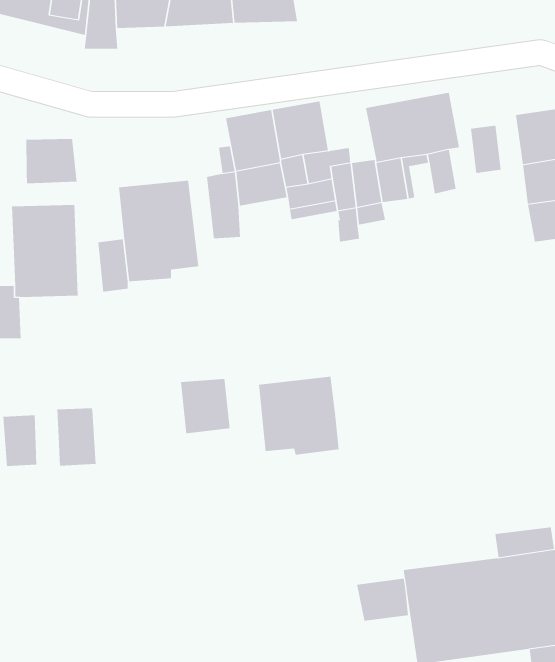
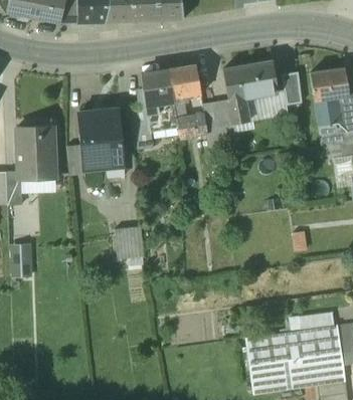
building: [26,138,77,184] -> none
building: [259,376,339,456] -> none
building: [57,407,96,466] -> none
building: [356,578,409,621] -> none

